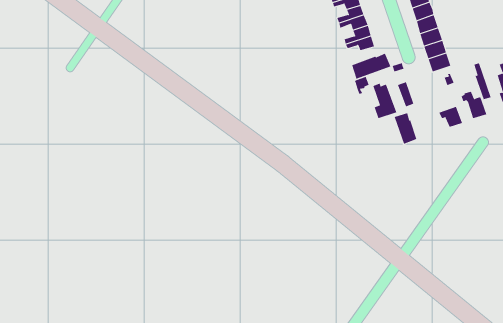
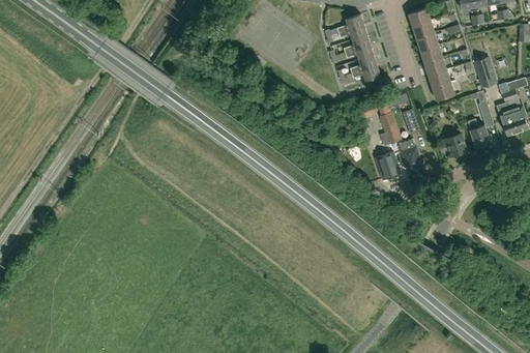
building: none -> [475,57,498,87]
building: [352,53,391,80] -> none
building: none -> [374,146,401,179]

